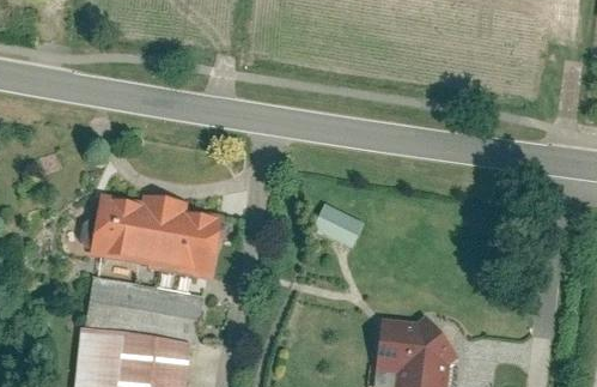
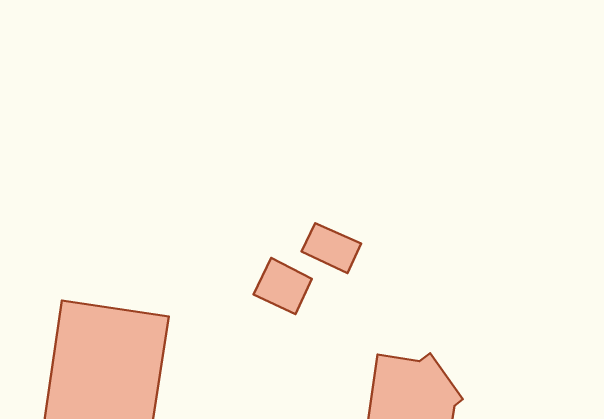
building: [91,199,211,264] -> none
building: none -> [253,258,312,314]

